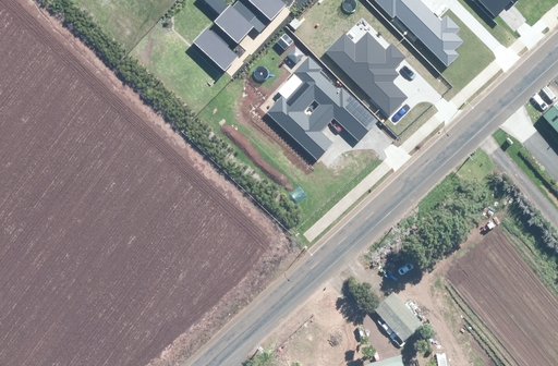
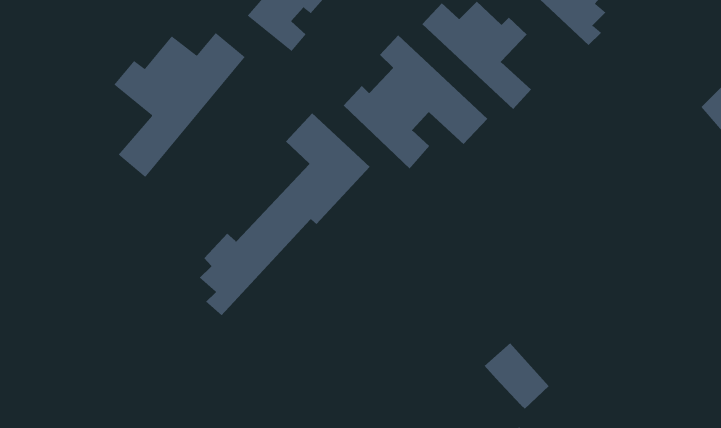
building: none -> [114,32,245,178]
building: none -> [199,113,370,316]

